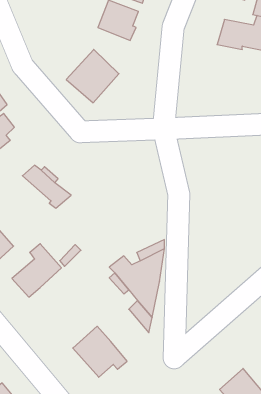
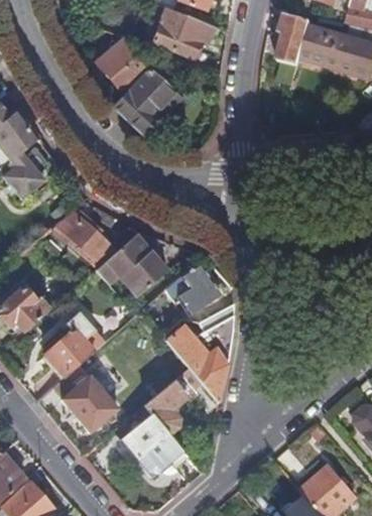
building: none -> [278,18,309,83]
building: none -> [94,38,145,90]
building: none -> [95,235,165,294]
building: none -> [176,265,220,315]
building: none -> [53,365,117,432]
building: none -> [144,381,187,432]

